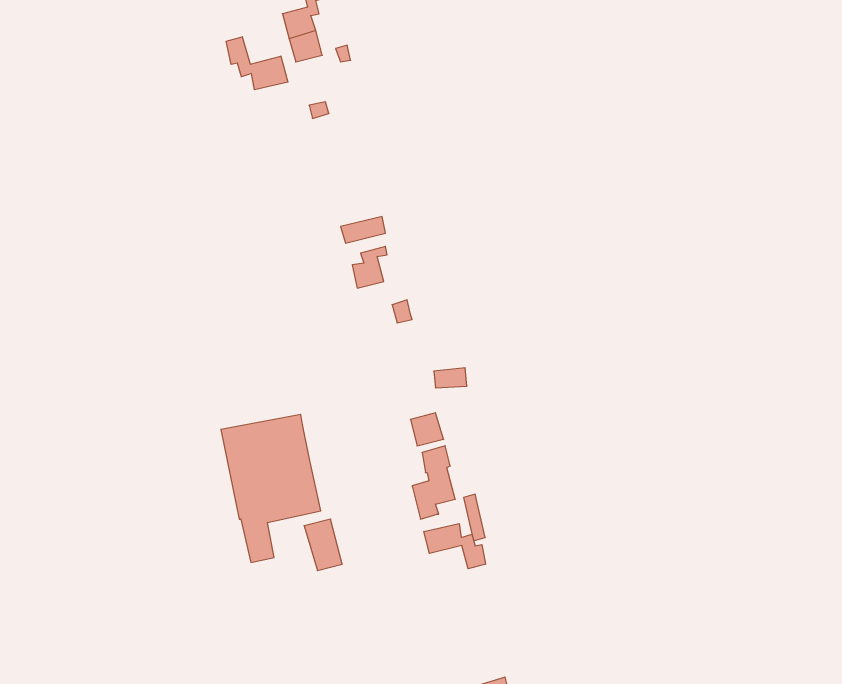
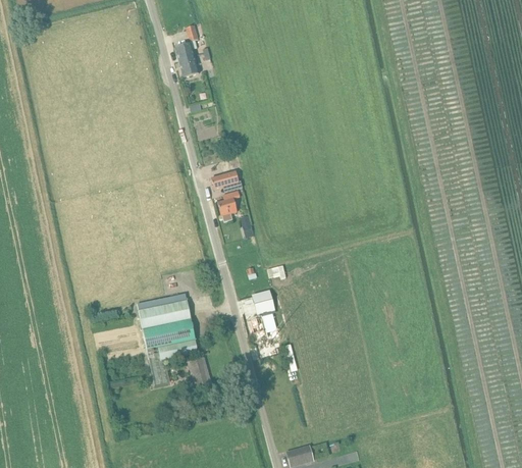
building: [226,37,288,90] -> none
building: [424,524,485,569] -> none

